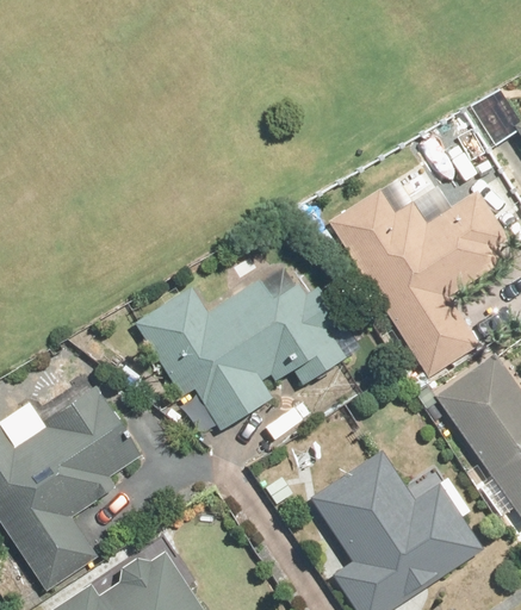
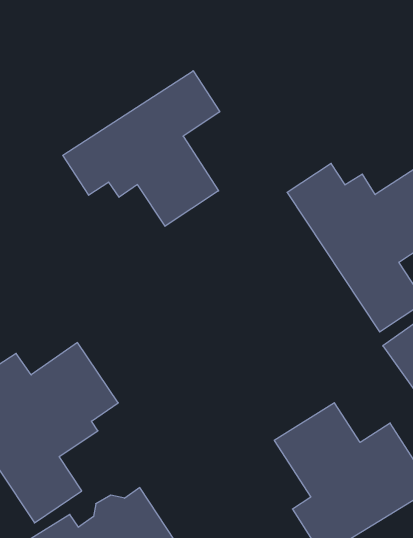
building: none -> [63,71,220,226]
building: [137,266,343,425] -> none

